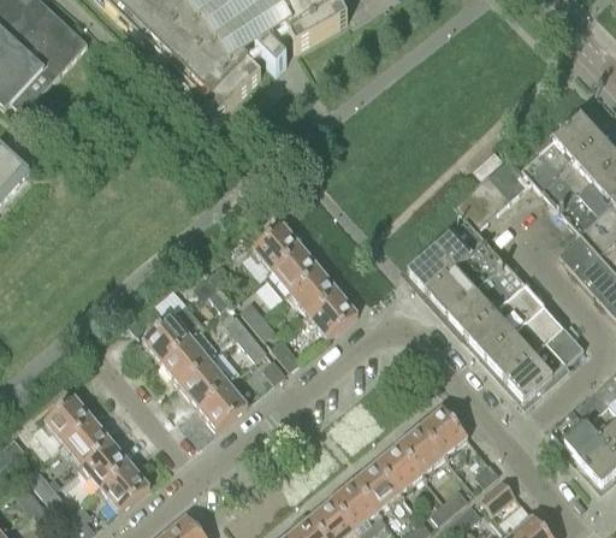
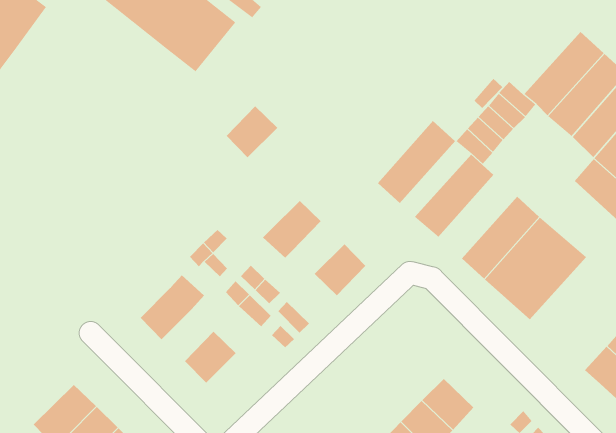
building: [253,223,302,271] -> [226,106,278,158]
building: [427,241,504,315] -> [377,120,456,204]
building: [290,267,339,315] -> none
building: [504,326,582,402] -> none
building: [160,337,209,384] -> none
building: [197,382,247,430] -> none
building: [419,406,467,455] -> none

